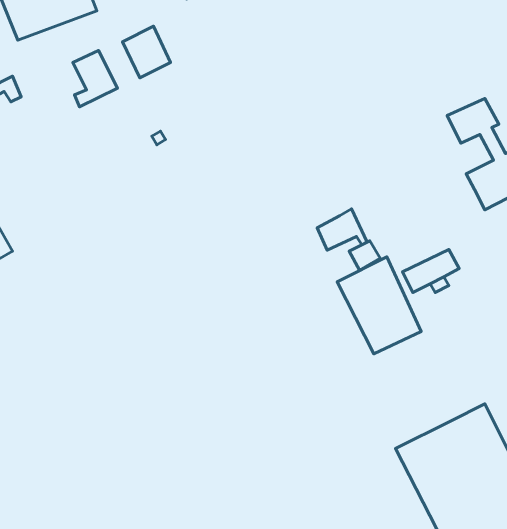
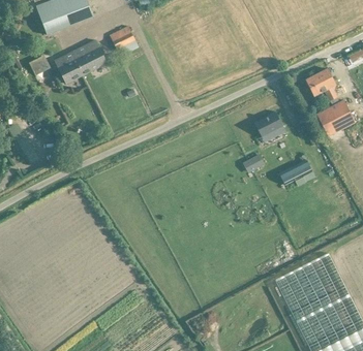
building: none -> [55,47,88,84]
building: [317,209,367,250] -> [254,111,284,136]
building: [337,257,421,354] -> none

